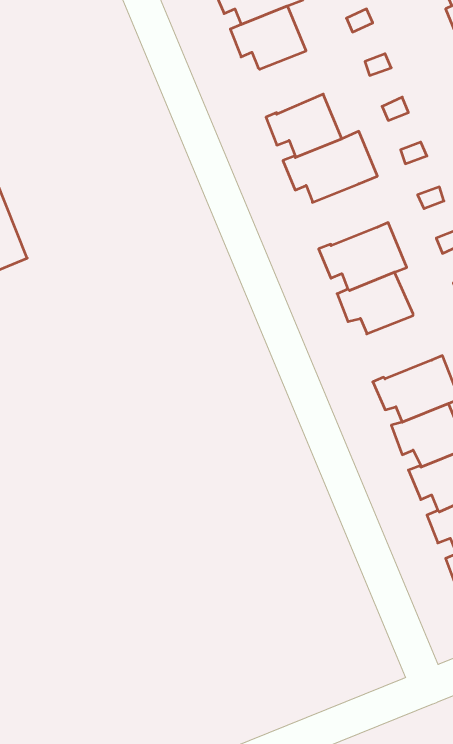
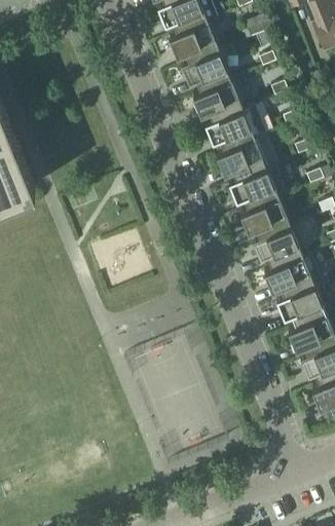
building: none -> [180,49,230,91]
building: none -> [216,138,266,179]
building: none -> [252,221,304,267]

